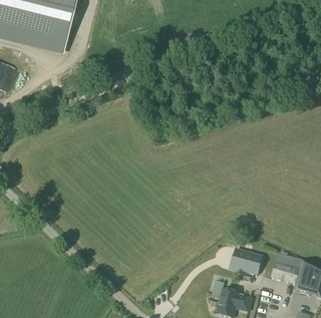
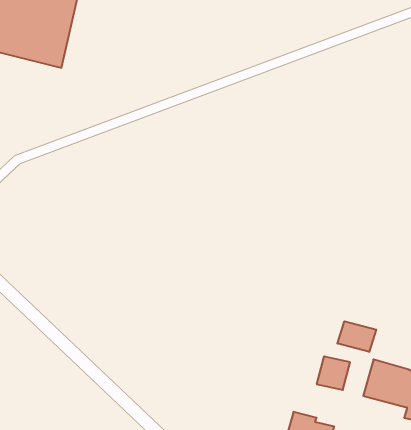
building: none -> [337,321,376,352]

